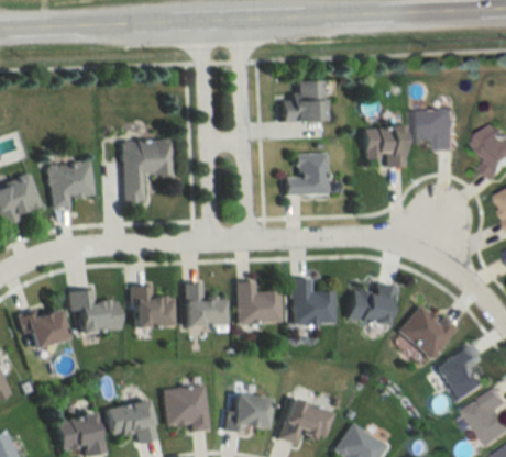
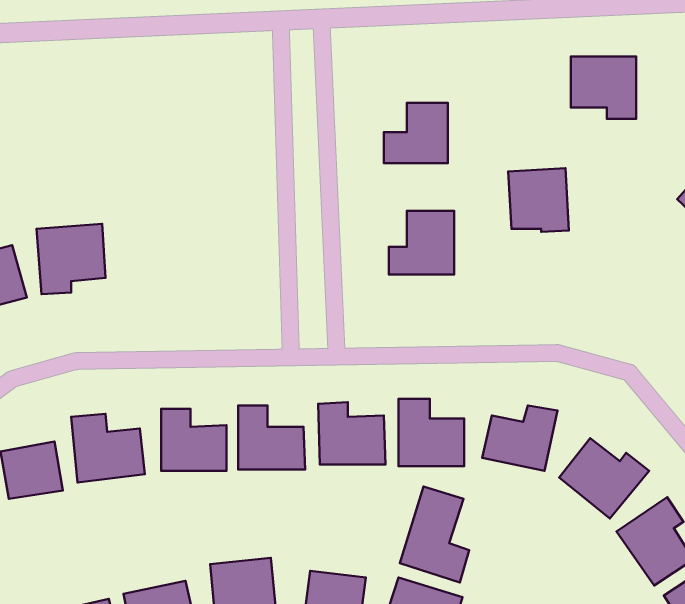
building: [416,108,460,149] -> [571,57,636,119]
building: [121,138,172,202] -> none
building: none -> [400,487,469,582]

